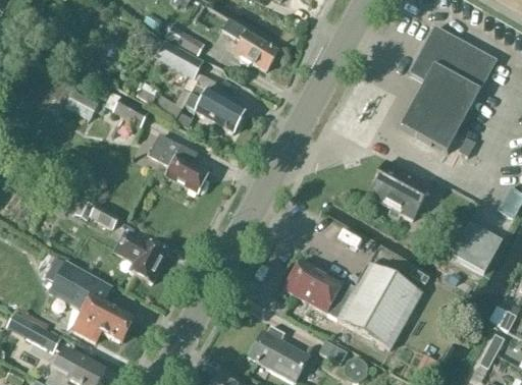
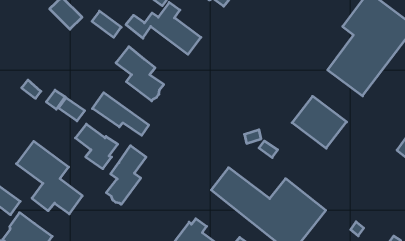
building: none -> [92,93,149,135]
building: [451,220,502,271] -> none
building: none -> [106,146,146,204]

